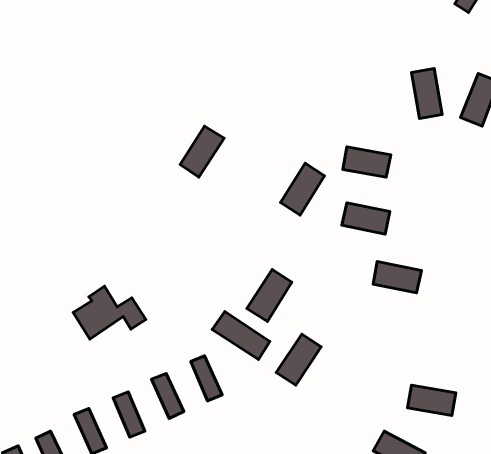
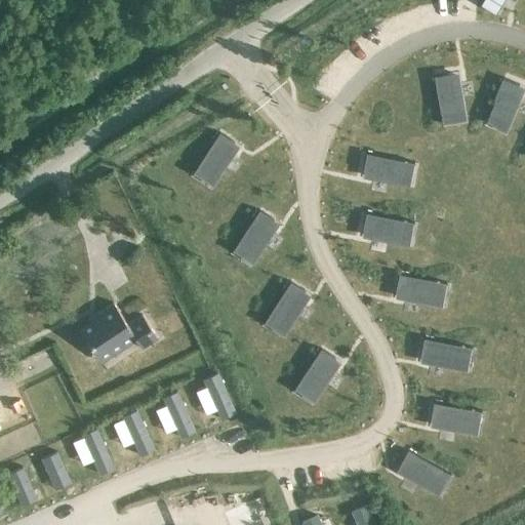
building: [280,163,325,215] -> [234,210,280,265]
building: [212,311,270,359] -> none
building: none -> [419,339,471,372]

